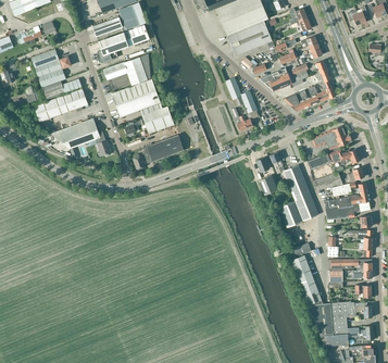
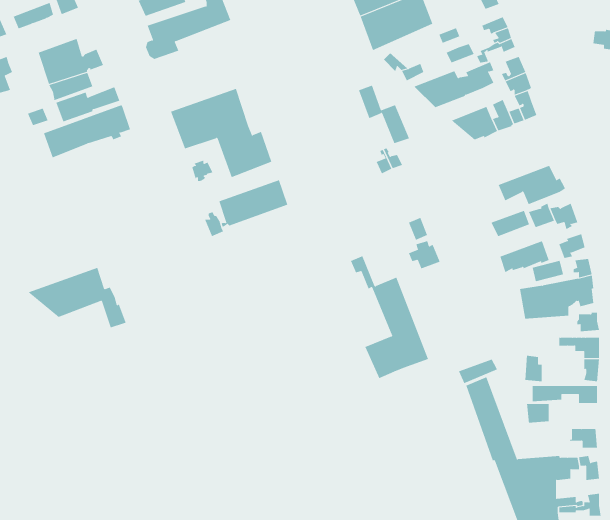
building: [103,53,151,85] -> none
building: [51,118,111,155] -> [28,267,126,328]
building: [271,152,318,227] -> [350,255,429,379]

